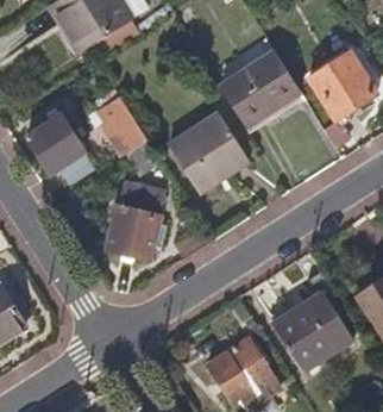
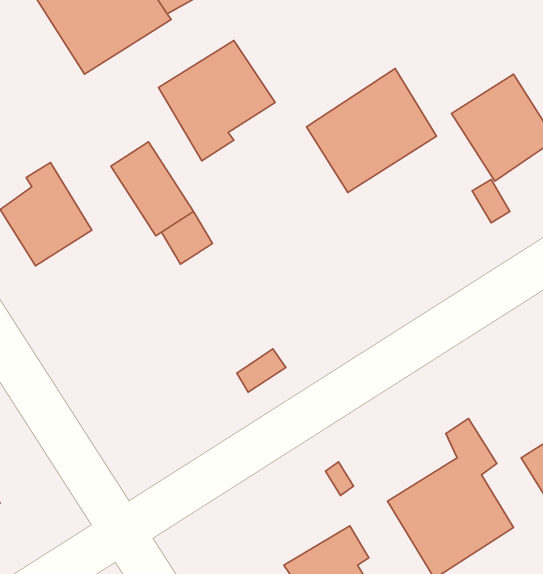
building: [171,116,245,192] -> [158,40,275,161]
building: [111,181,171,267] -> none

